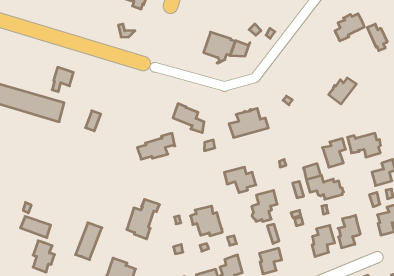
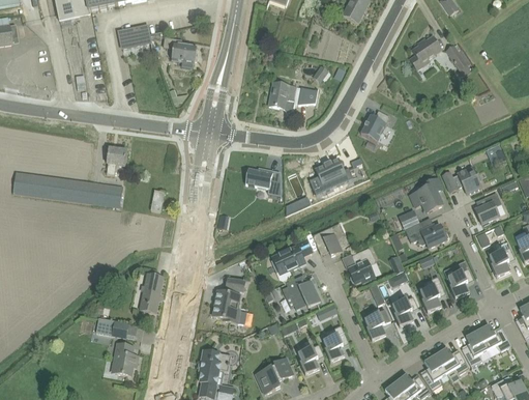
building: [329,78,356,104] -> [360,111,389,141]
building: [137,133,175,159] -> [270,238,312,273]
building: [75,223,102,260] -> [139,273,164,313]
building: none -> [392,296,418,326]

